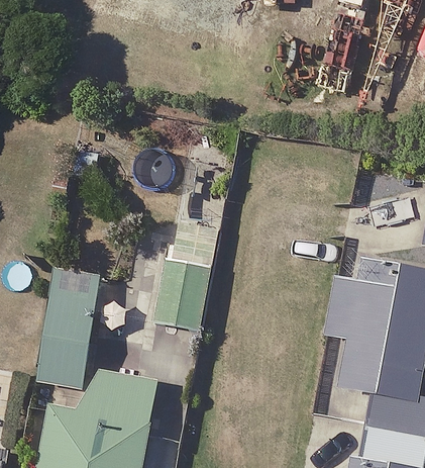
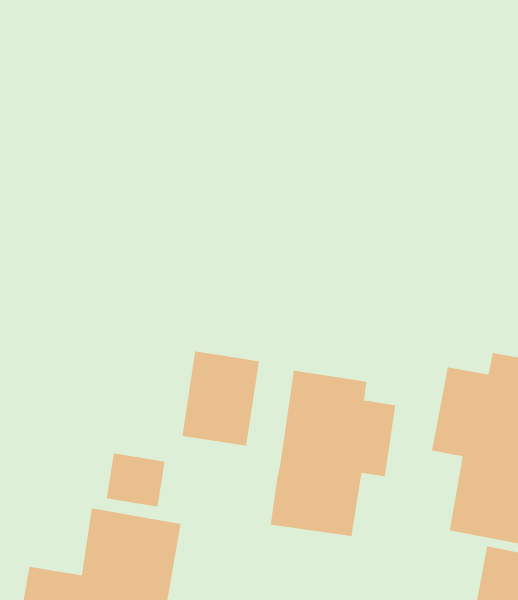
building: [34,274,99,385] -> none
building: none -> [270,370,396,537]

